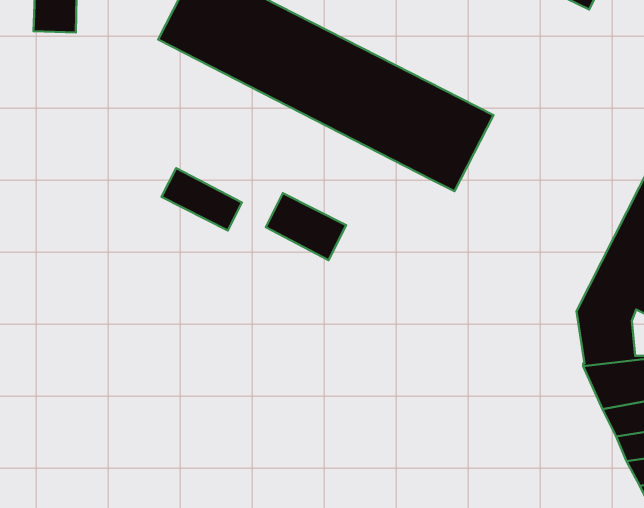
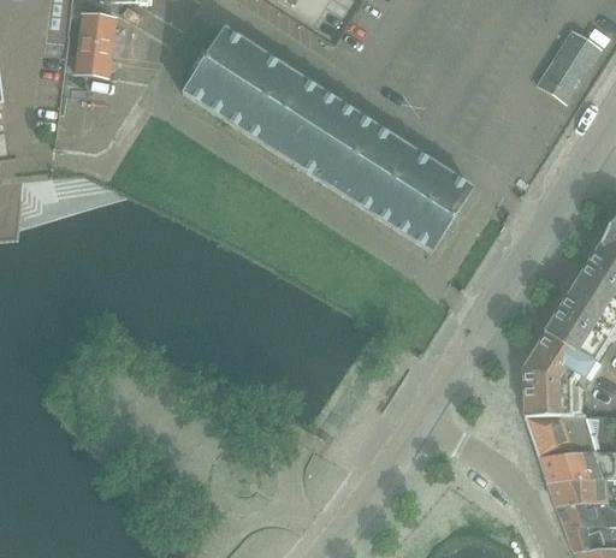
building: [161,168,242,231] -> none
building: [266,193,346,260] -> none

